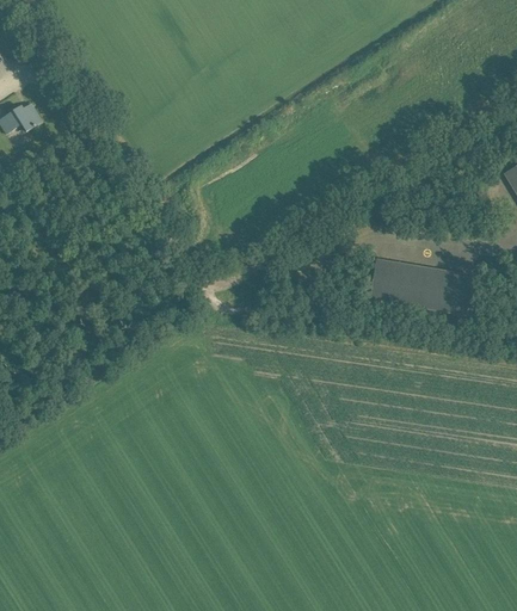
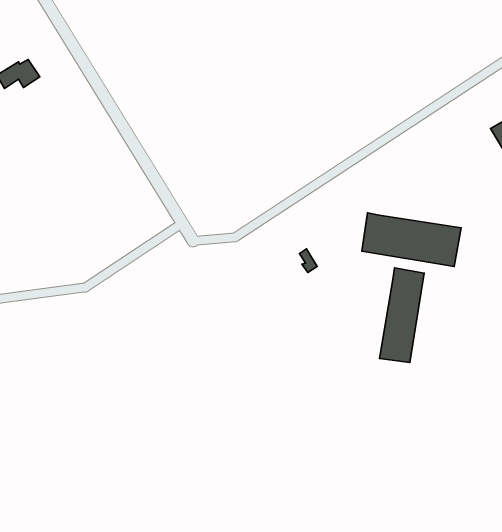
building: none -> [380,268,424,363]

